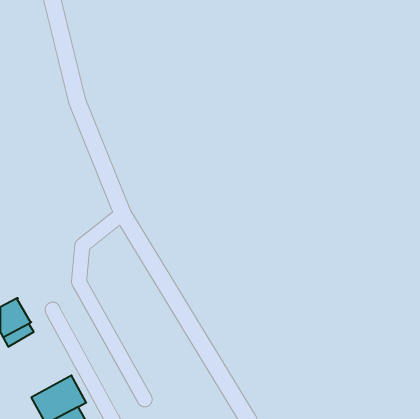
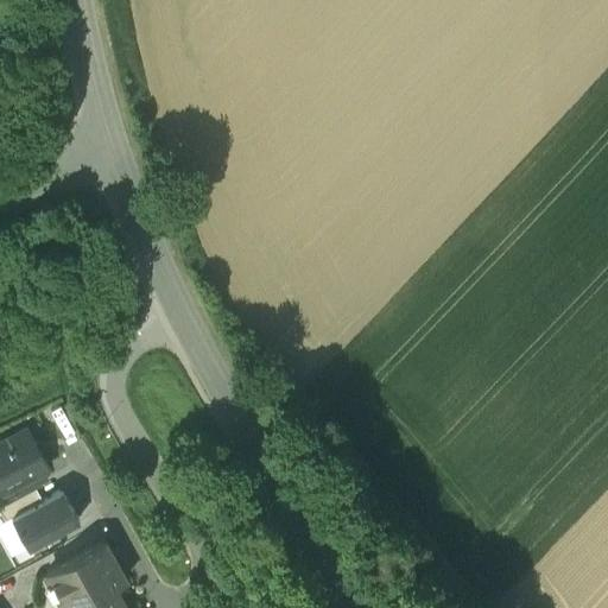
building: none -> [11,490,78,550]

